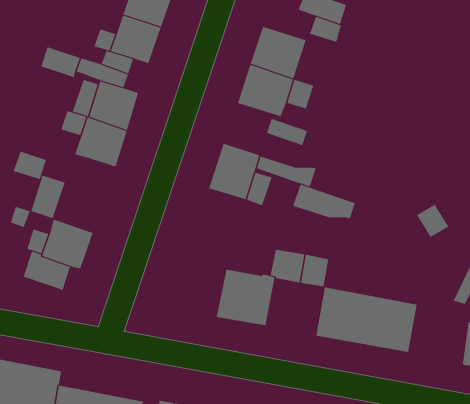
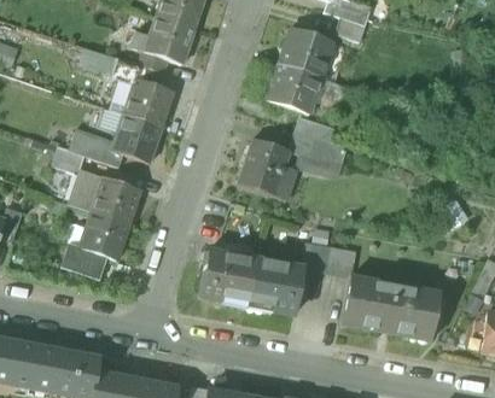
building: none -> [69,129,124,166]
building: none -> [91,176,141,224]
building: [293,184,356,219] -> [287,129,348,163]
building: none -> [199,248,256,305]

